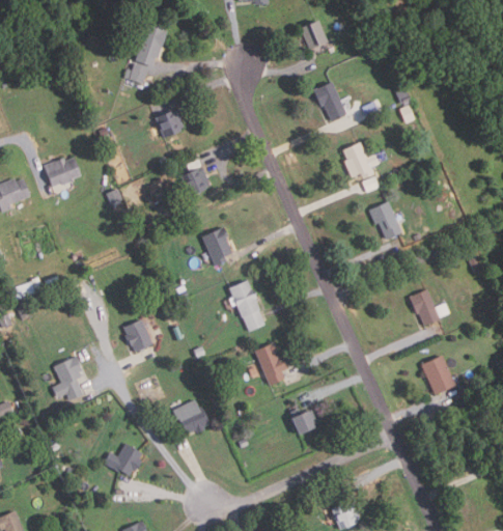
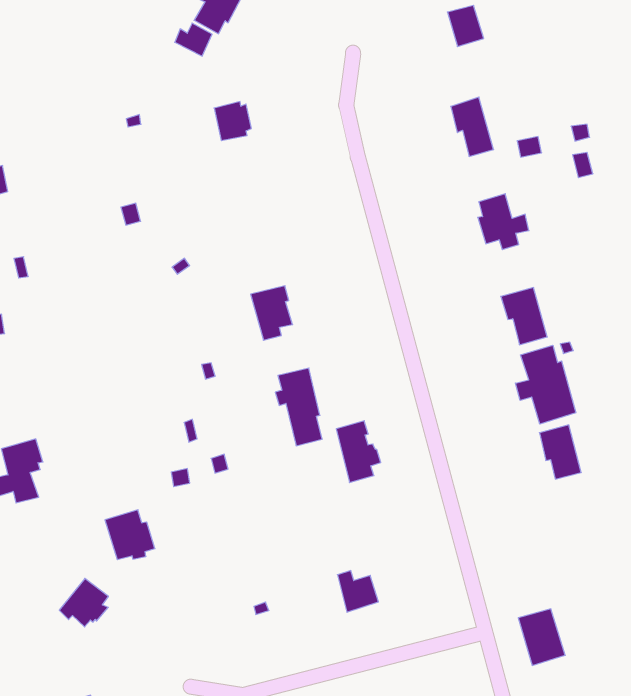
building: [44,158,81,187] -> none
building: [180,168,209,197] -> none
building: none -> [515,345,576,424]
building: [122,318,152,352] -> none
building: [254,342,287,385] -> [336,421,381,483]
building: [421,356,456,395] -> [518,609,565,665]
building: [173,399,209,435] -> [105,510,155,560]

